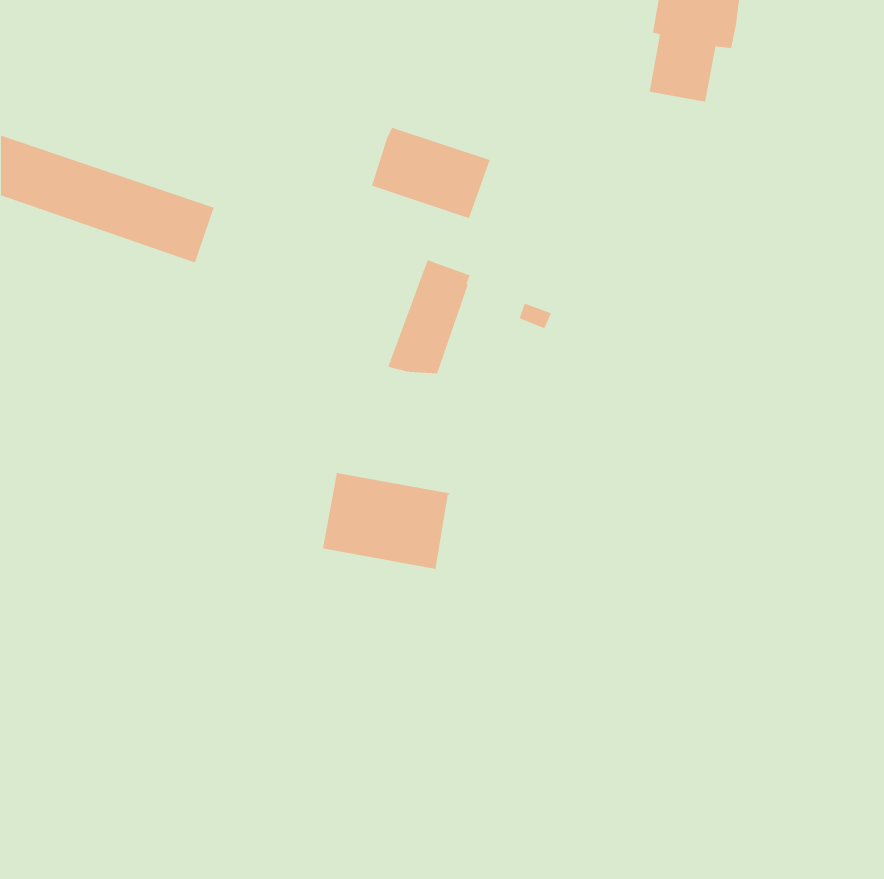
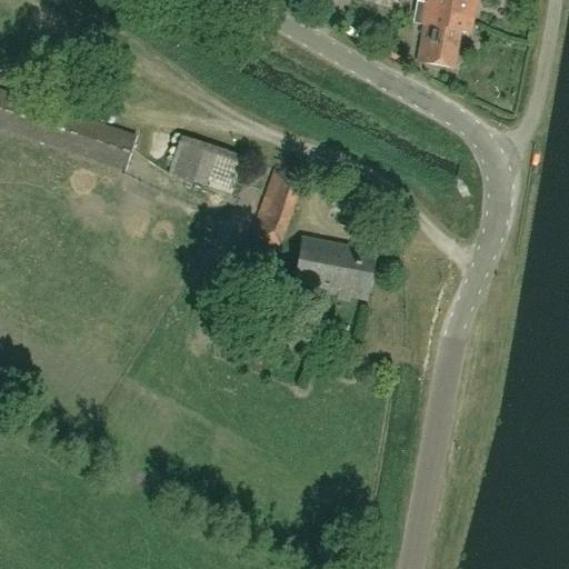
building: [371,127,490,219] -> [168,134,244,193]
building: [322,472,450,569] -> [293,236,376,298]

